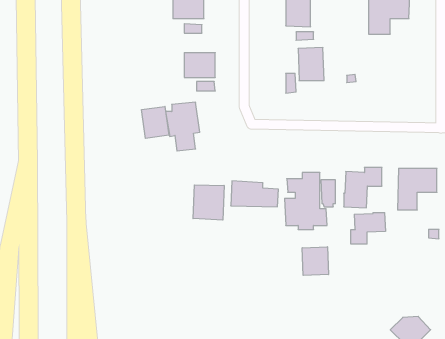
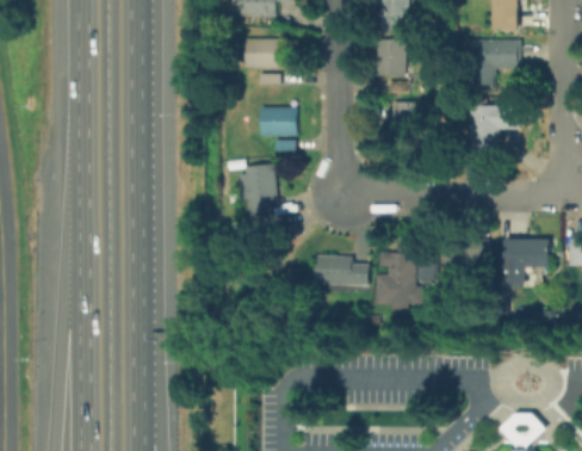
building: none -> [469,98,518,150]
building: [142,106,169,138] -> none
building: [193,185,224,220] -> none
building: [351,213,385,244] -> none
building: [302,247,328,275] -> none

